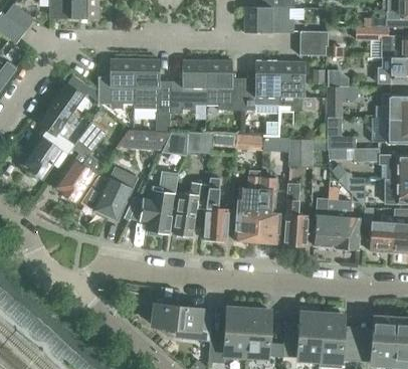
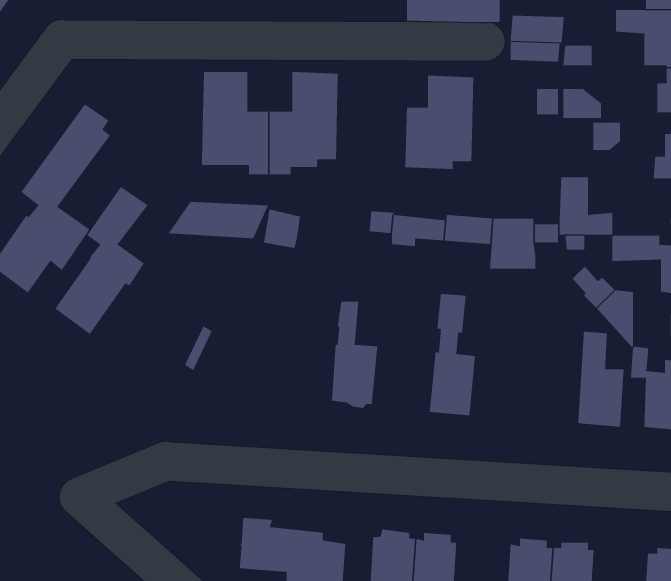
building: [97,59,135,110] -> none
building: [206,61,243,112] -> none
building: [278,63,304,114] -> none
building: [326,86,343,117] -> none
building: [185,132,212,153] -> none
building: [93,166,138,221] -> none
building: [140,171,177,234] -> none
building: [233,175,261,242] -> none
building: [173,182,207,236] -> none
building: [283,182,308,247] -> none
building: [314,196,338,247] -> none

